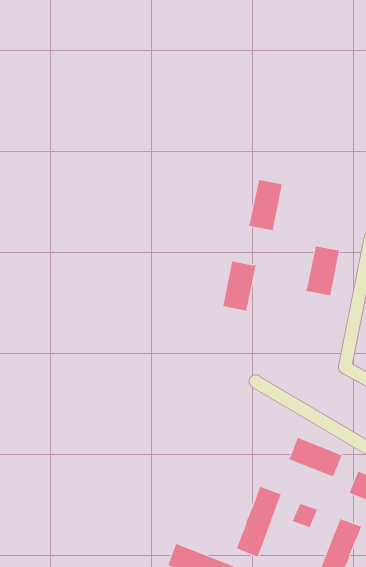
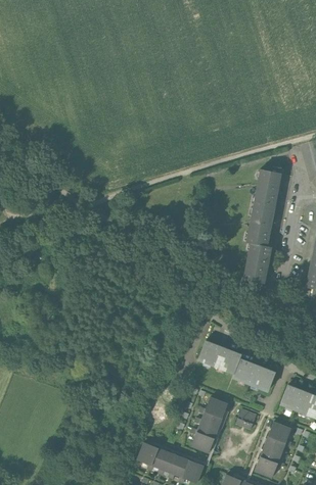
building: [248,179,283,231] -> [253,169,280,210]
building: [223,261,257,311] -> [243,243,271,283]
building: none -> [198,340,240,372]

